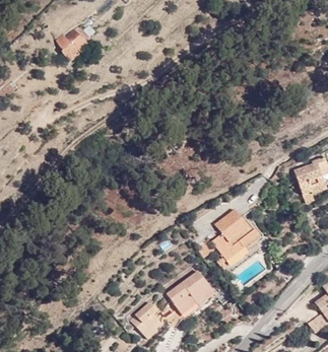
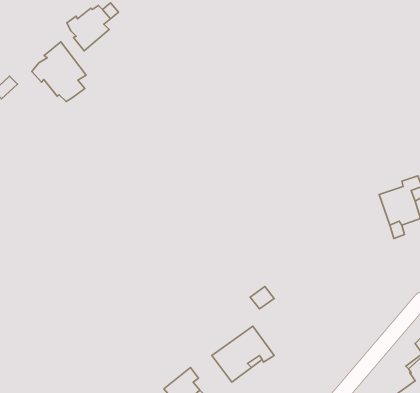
building: none -> [32,42,86,102]
building: [211,208,264,270] -> none

